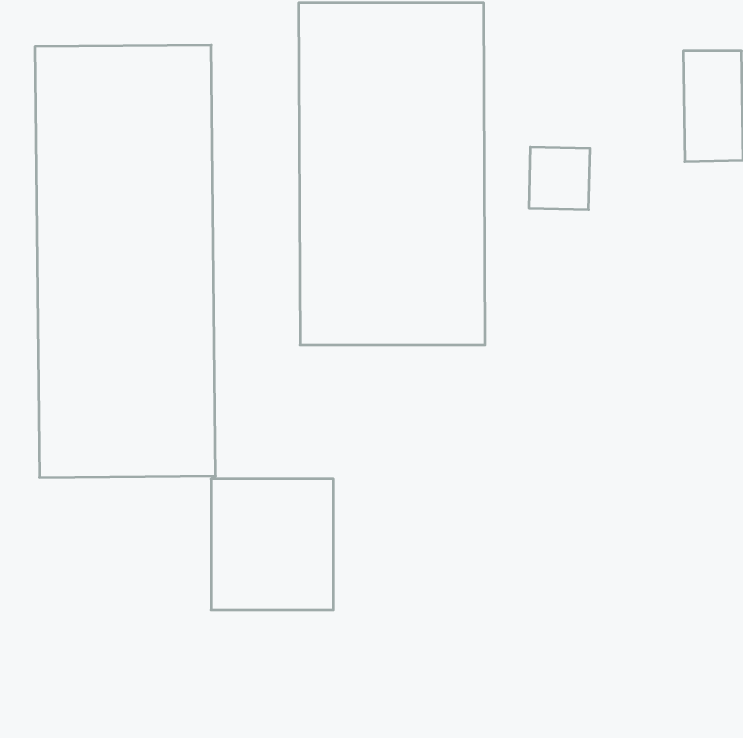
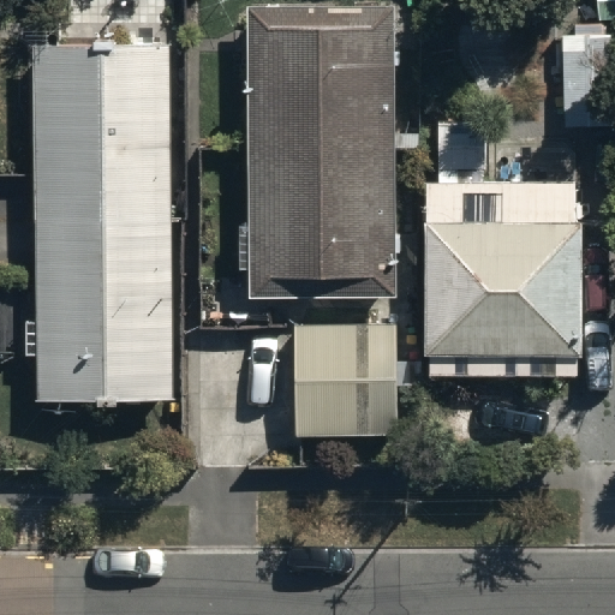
building: none -> [428,193,580,381]
building: [211,479,333,610] -> [289,327,390,435]

